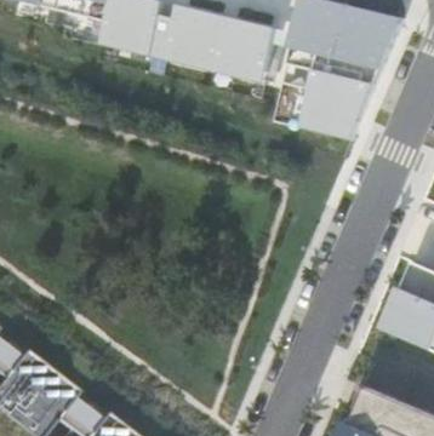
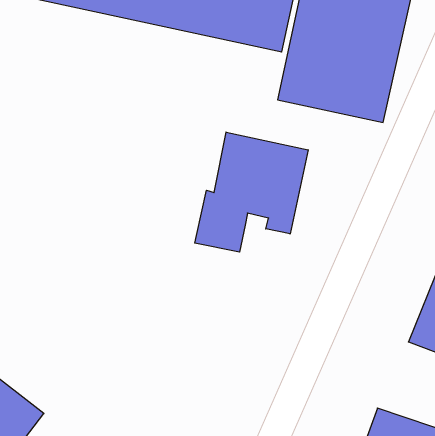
building: none -> [195,132,308,252]

